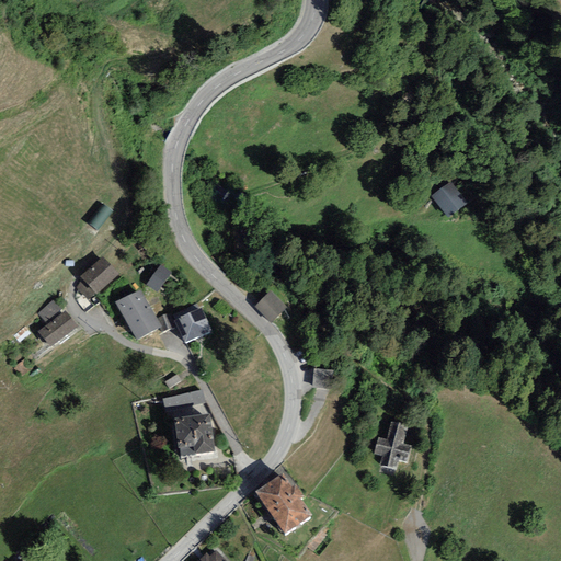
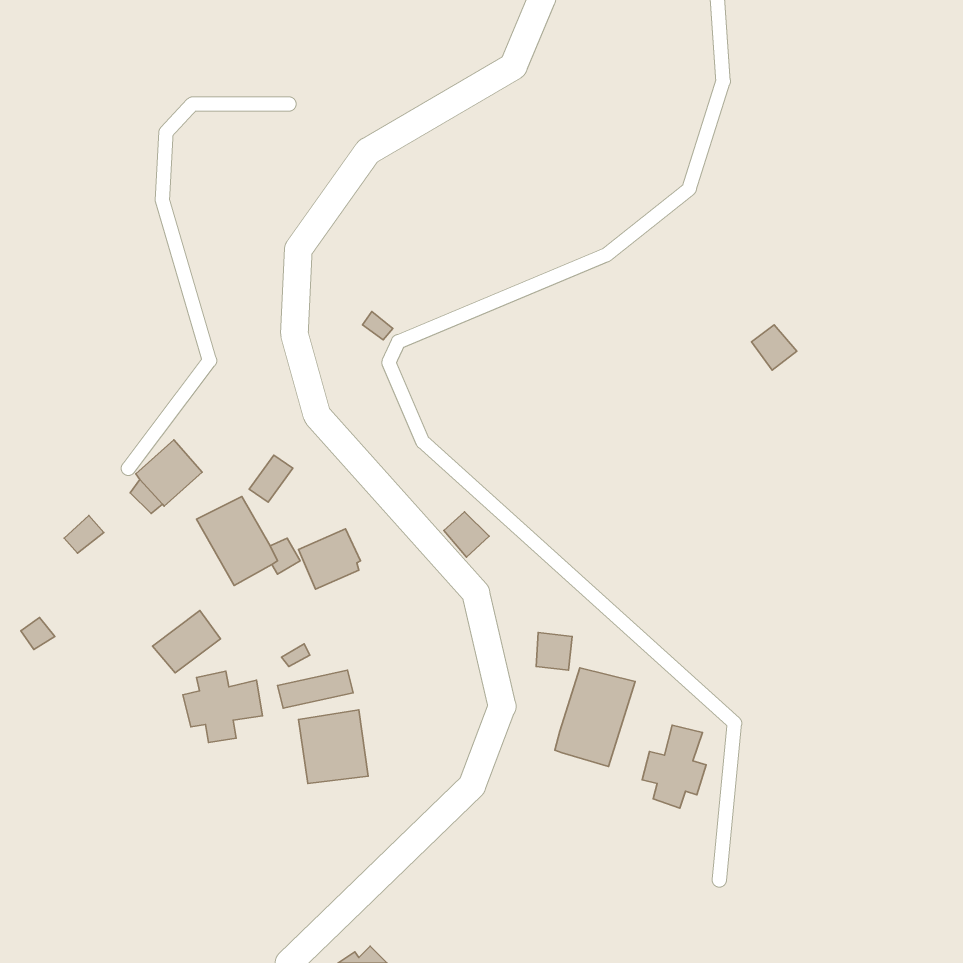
building: [36,310,76,346] -> [153,610,221,673]
building: none -> [555,668,635,767]
building: none -> [183,671,262,742]
building: [255,472,310,533] -> none

